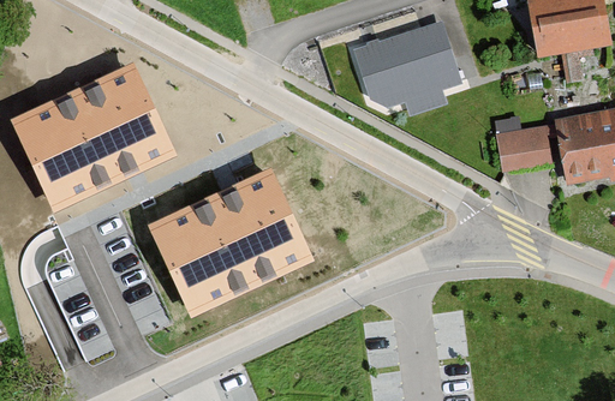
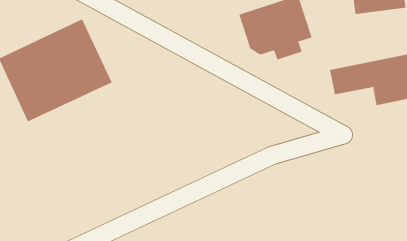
building: [148,167,315,317] -> none

